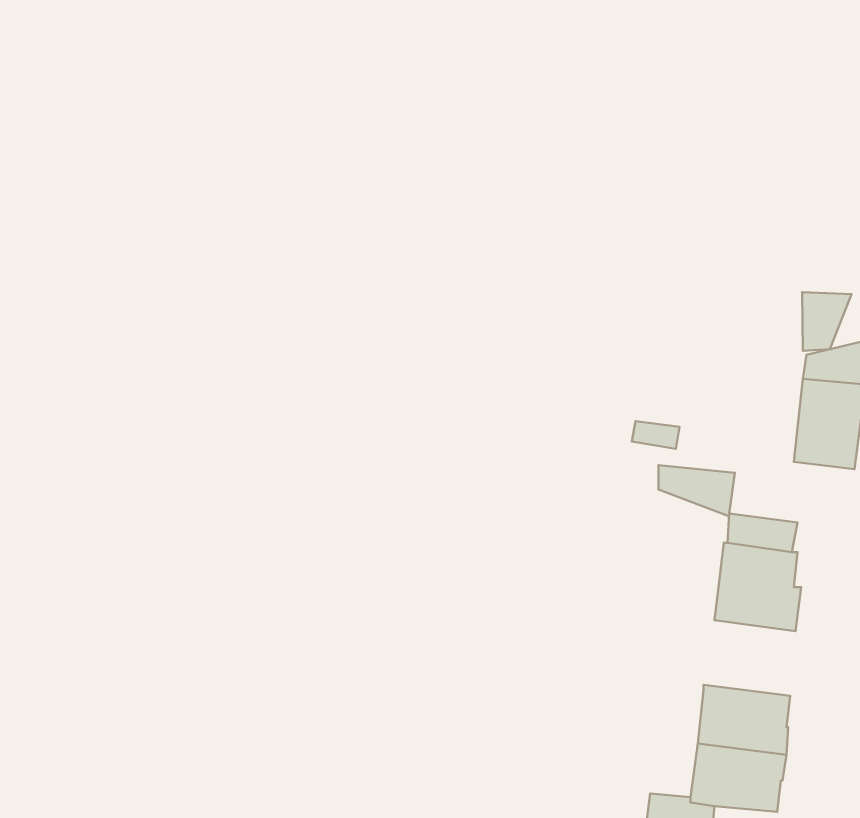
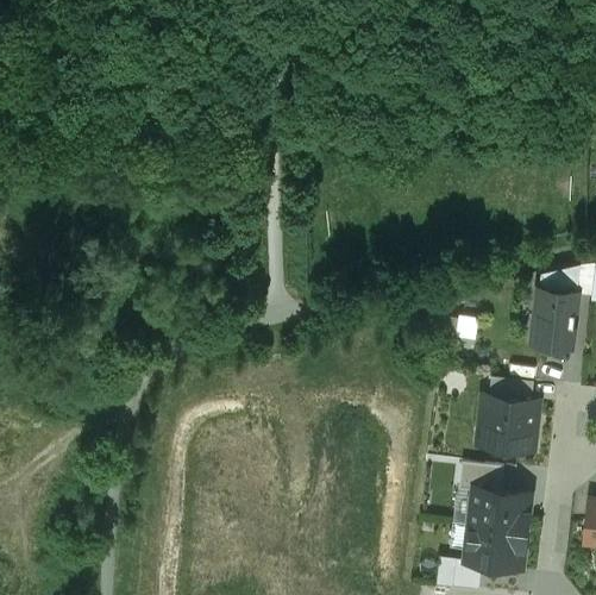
building: [802,292,851,351] -> none
building: [658,465,735,516] -> none
building: none -> [458,465,503,494]

